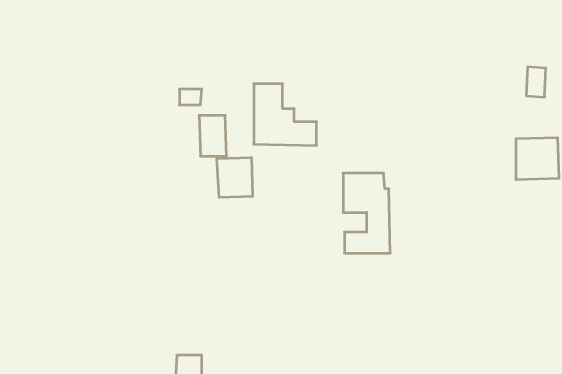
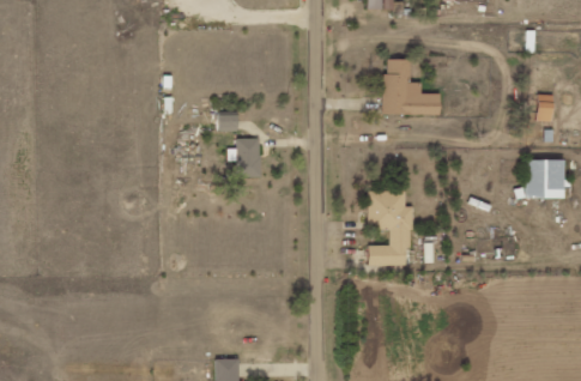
building: [254,84,317,145] -> [383,59,441,115]
building: [217,157,253,197] -> none

